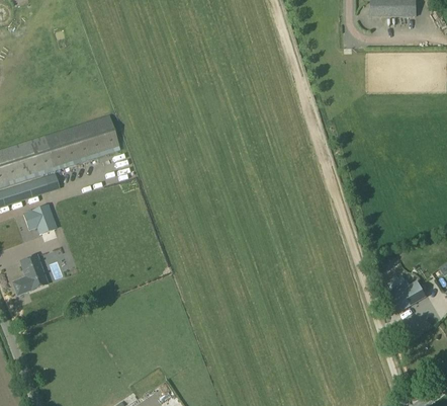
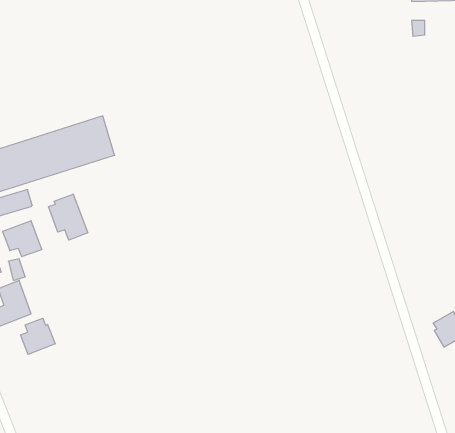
building: none -> [48,194,88,240]
building: none -> [21,318,55,354]

